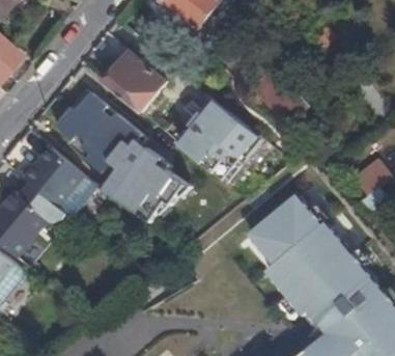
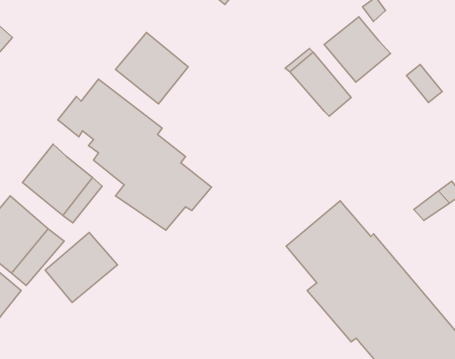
building: none -> [324,17,391,82]
building: [180,102,257,180] -> none
building: none -> [45,233,117,303]

